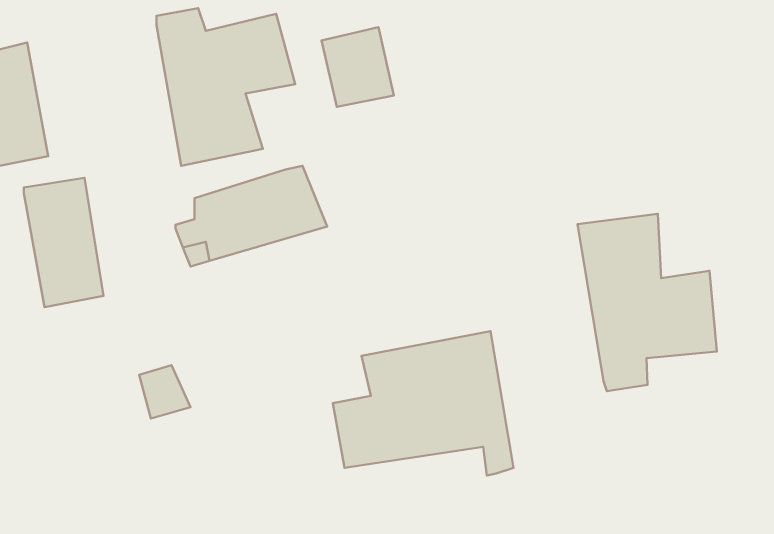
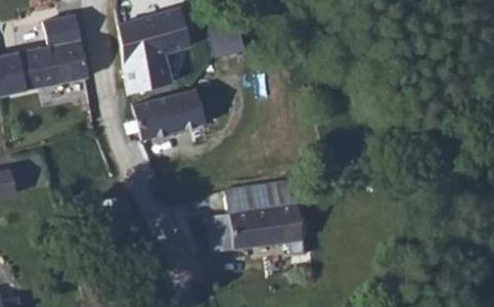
building: [24,178,103,307] -> [46,15,89,85]
building: [577,214,717,391] -> none

